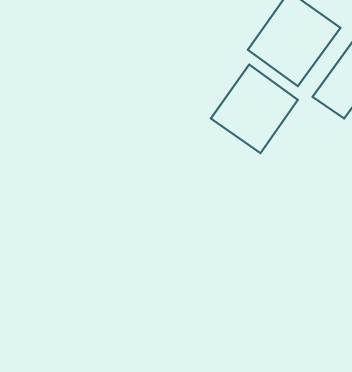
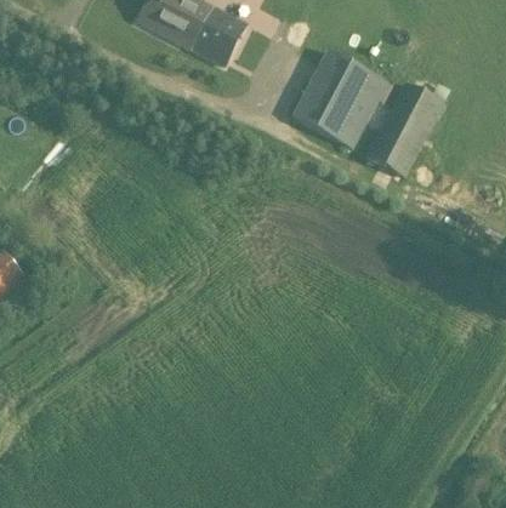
building: [211,65,298,153] -> none

